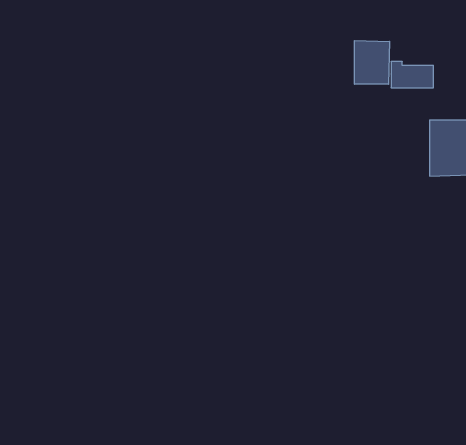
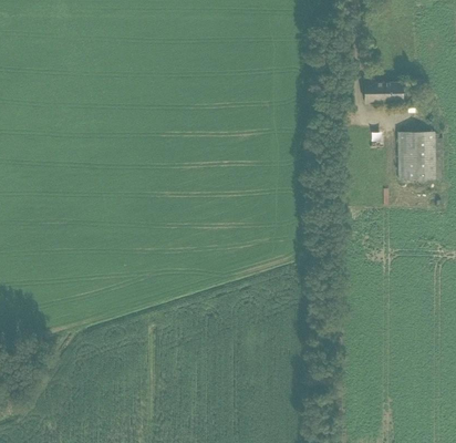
building: [355,41,390,84] -> none

